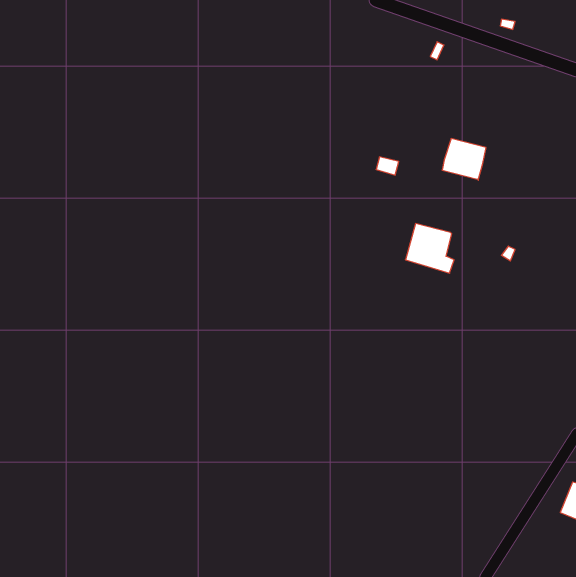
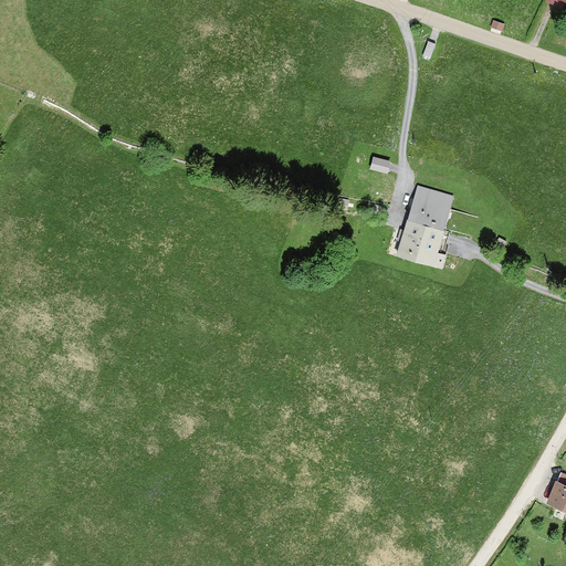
building: [442,139,486,180] -> [408,188,451,229]

